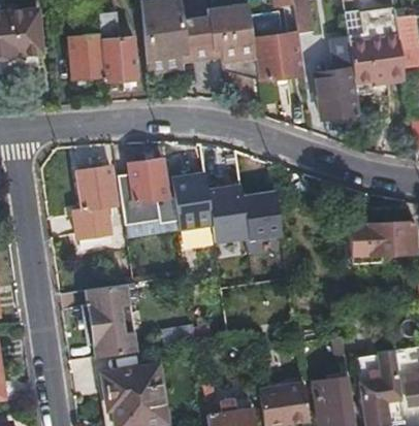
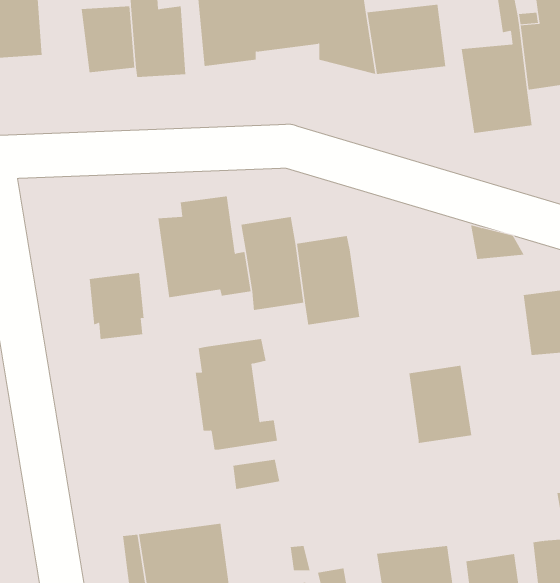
building: [76,161,117,210] -> none
building: [243,188,284,238] -> [408,365,472,443]
building: [83,286,136,358] -> [195,338,278,450]

